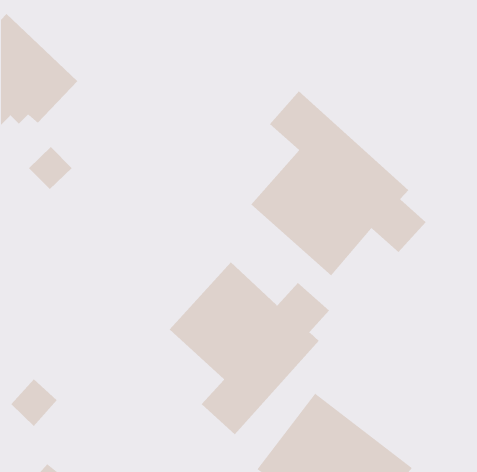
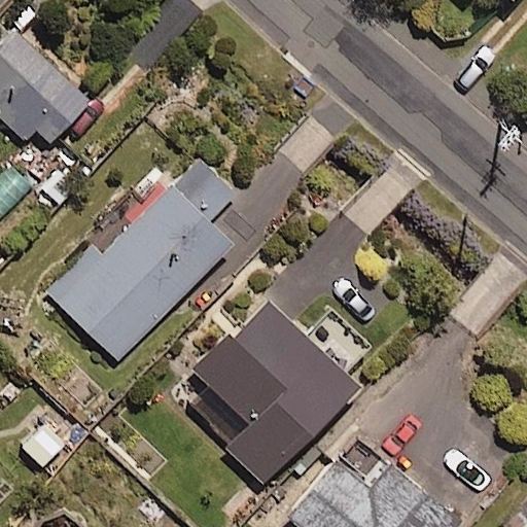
building: [251,91,427,276] -> none
building: none -> [51,164,237,364]

